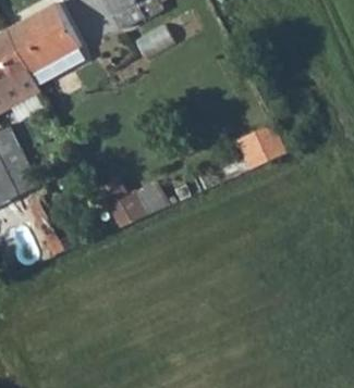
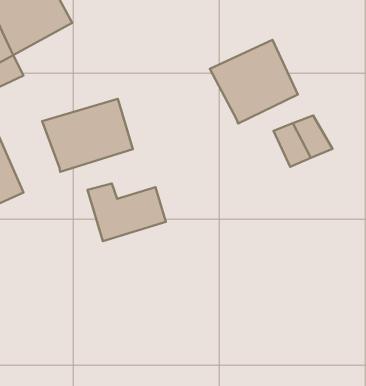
building: none -> [210,40,298,124]
building: none -> [42,99,133,172]

